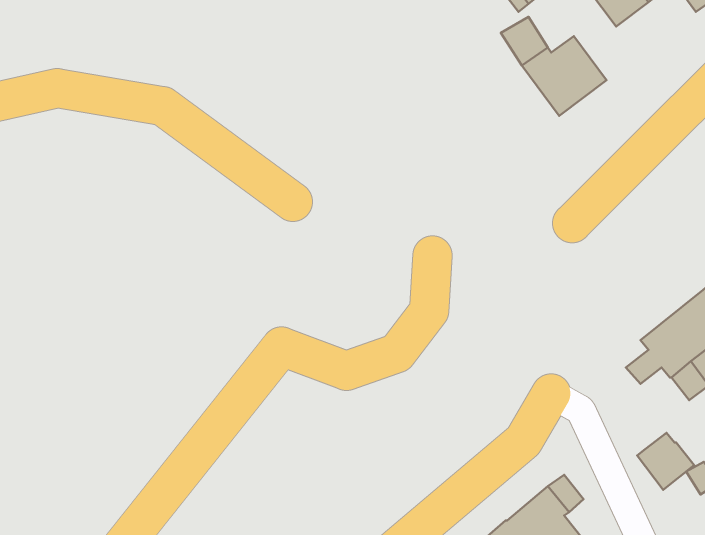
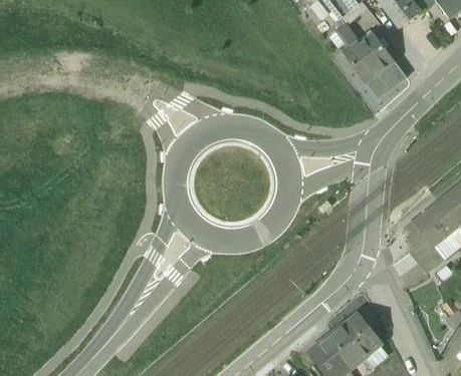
building: none -> [366,60,407,98]
building: [637,433,694,490] -> [411,238,446,273]

